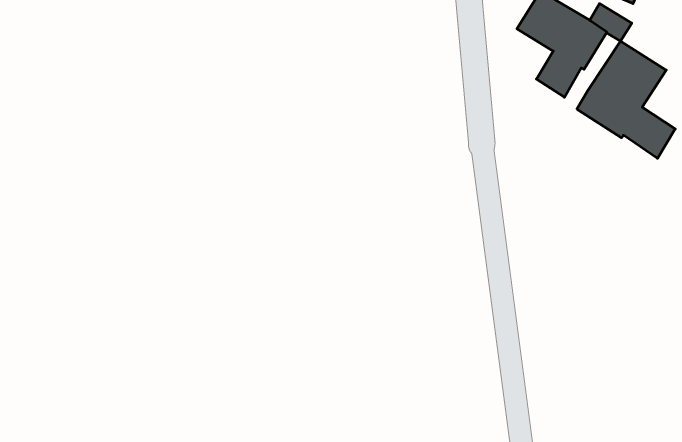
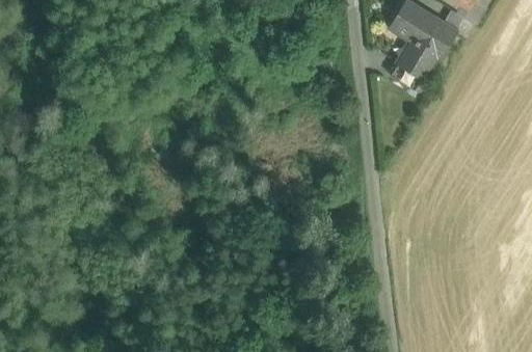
building: [577,41,675,158] -> none

